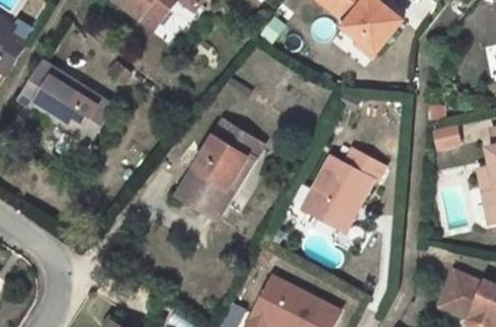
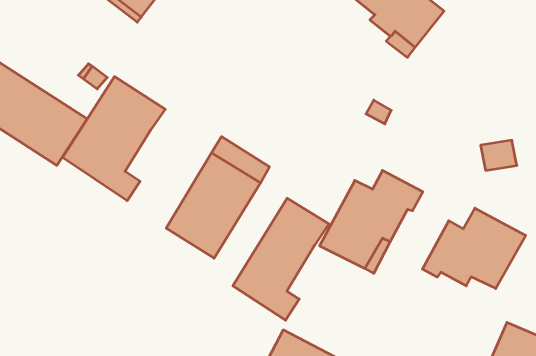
building: none -> [62,77,165,201]
building: none -> [233,198,329,320]
building: none -> [422,208,526,289]

